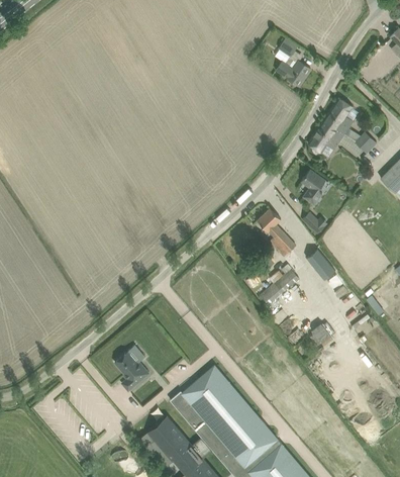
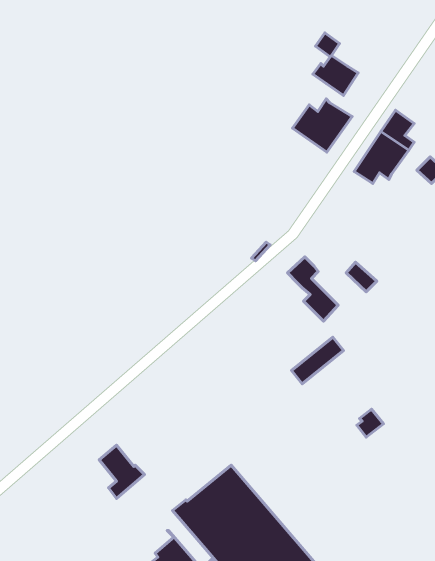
building: none -> [292,99,352,152]
building: [300,170,325,204] -> none
building: [306,249,334,280] -> none

